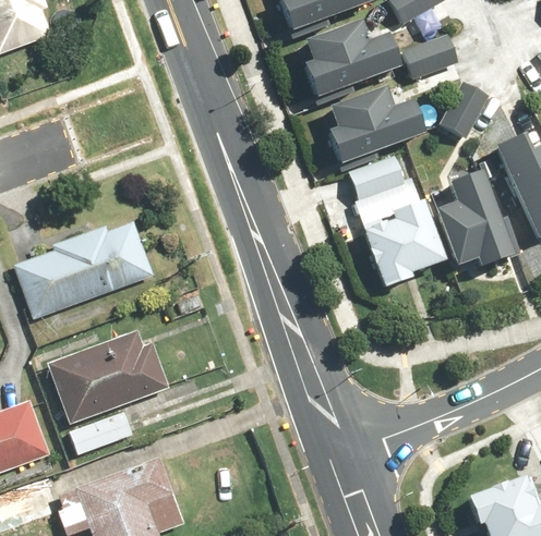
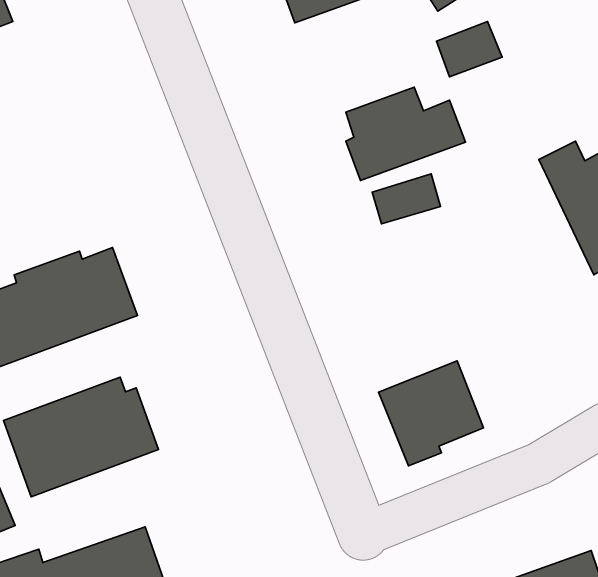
building: [303,21,402,97] -> none
building: [434,76,491,142] -> none
building: [438,168,517,267] -> none
building: [360,203,447,290] -> [378,361,483,466]

